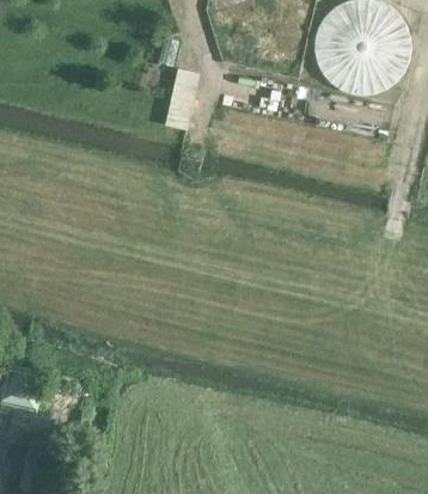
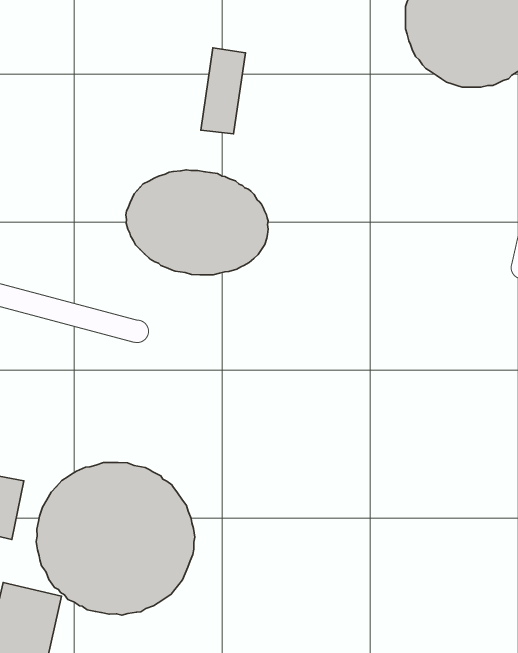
building: none -> [126,170,268,275]
building: none -> [36,462,195,615]

